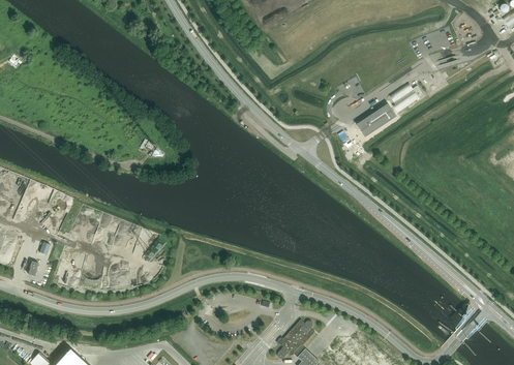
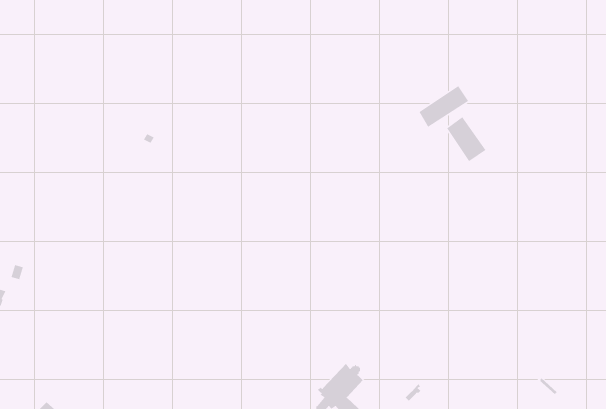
building: none -> [446,116,486,162]

